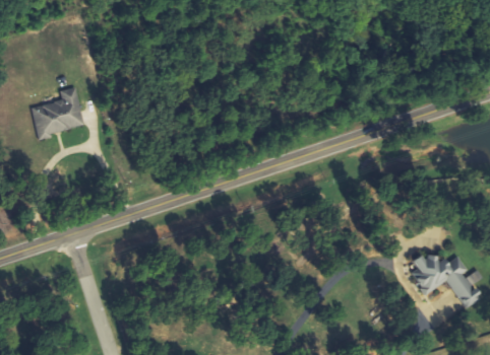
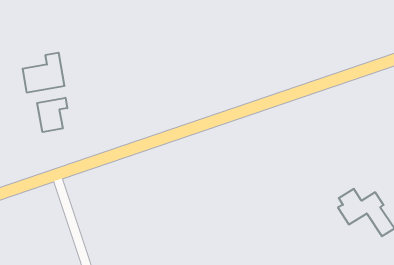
building: none -> [37,98,67,132]

